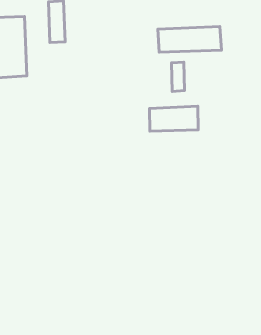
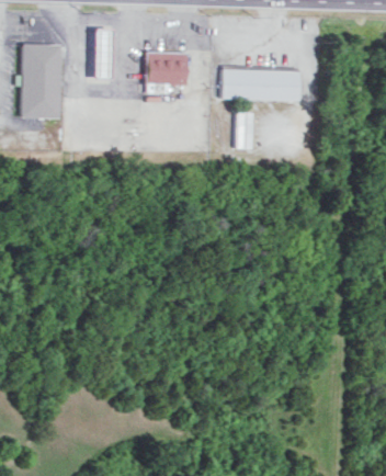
building: none -> [146,52,186,86]
building: [149,106,198,131] -> none

